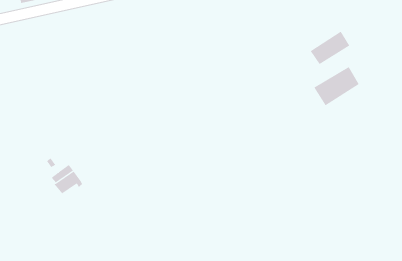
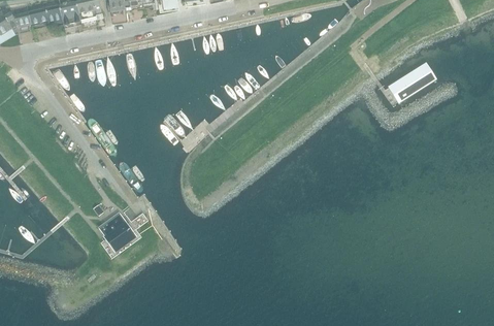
building: [314,66,360,106] -> none

